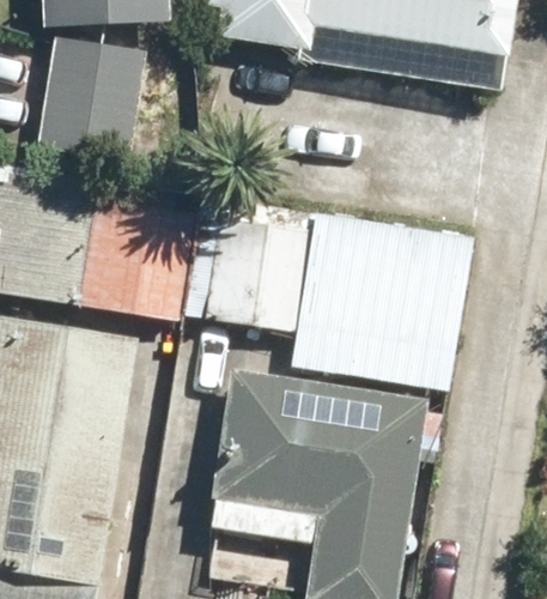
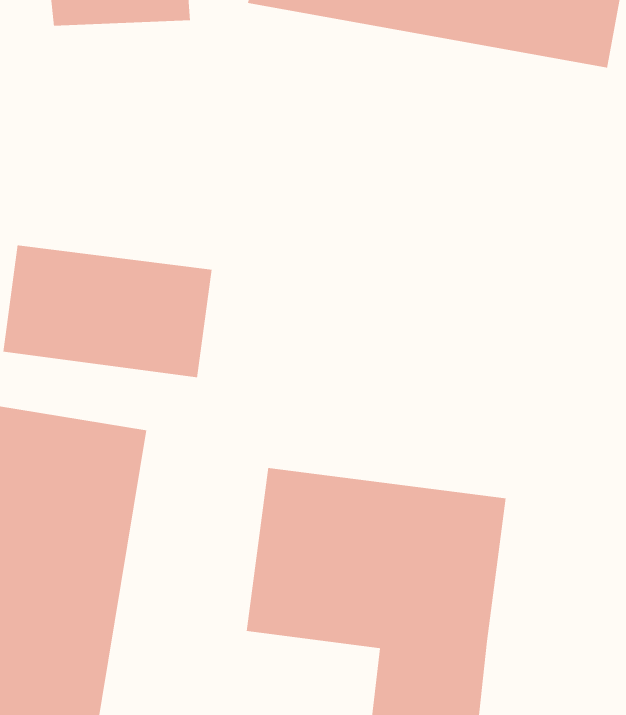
building: [32,49,140,168] -> none
building: [226,220,452,351] -> none

